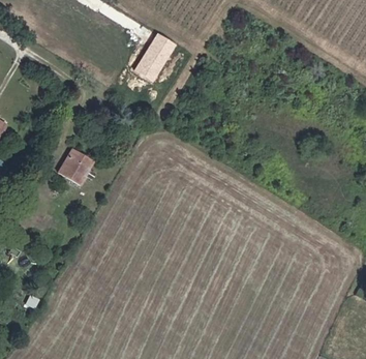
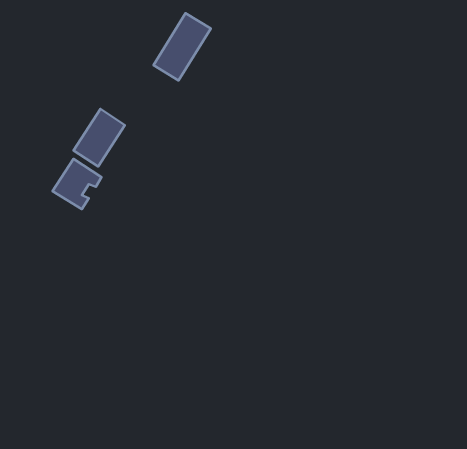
building: none -> [74,109,125,167]

